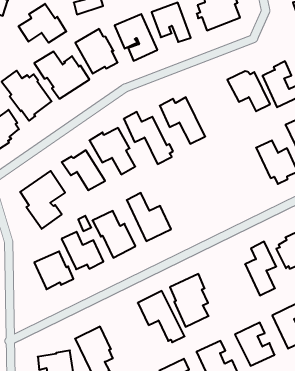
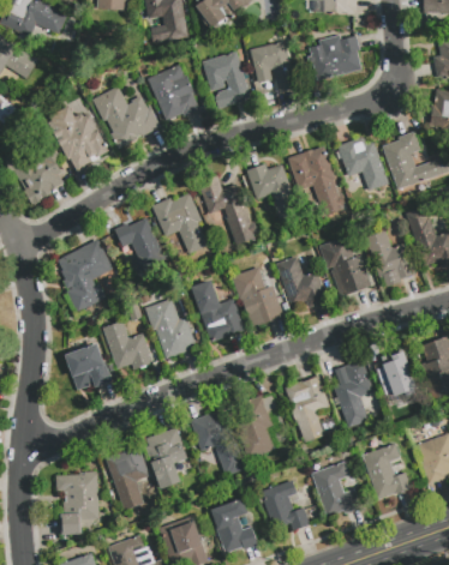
building: [19,4,66,43] -> none
building: none -> [287,145,346,215]
building: none -> [318,236,370,296]
building: none -> [275,256,327,308]
building: none -> [231,266,282,327]
building: none -> [287,375,329,443]
building: none -> [144,427,187,489]

